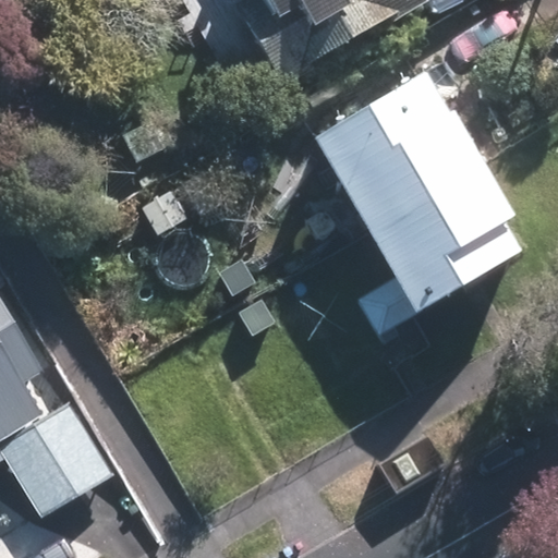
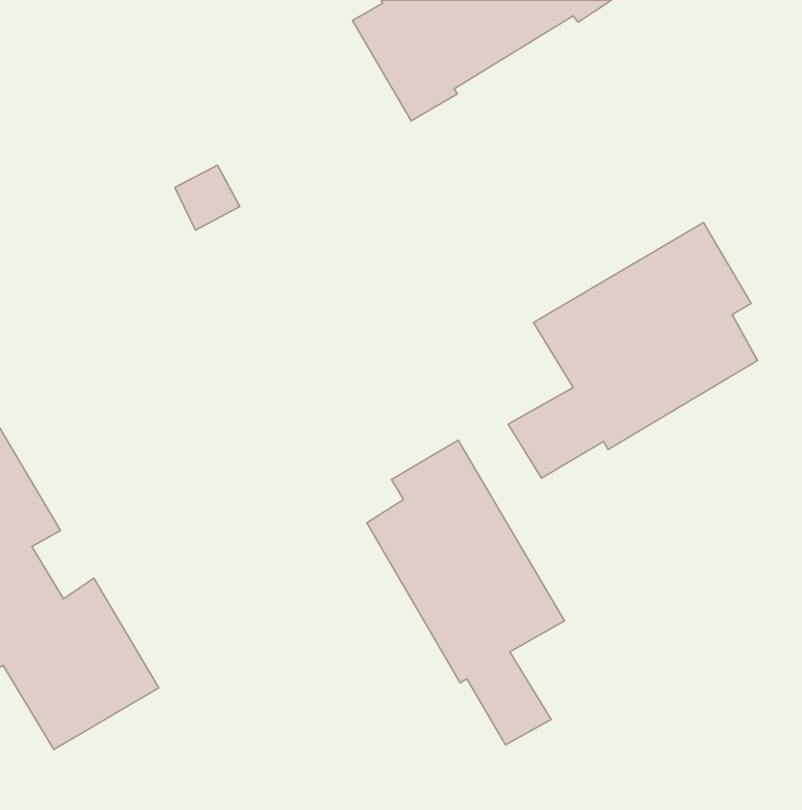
building: [314,68,483,222] -> none
building: none -> [367,440,565,745]

